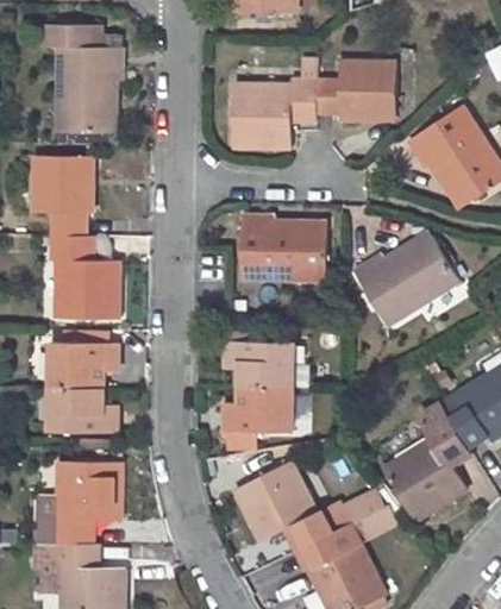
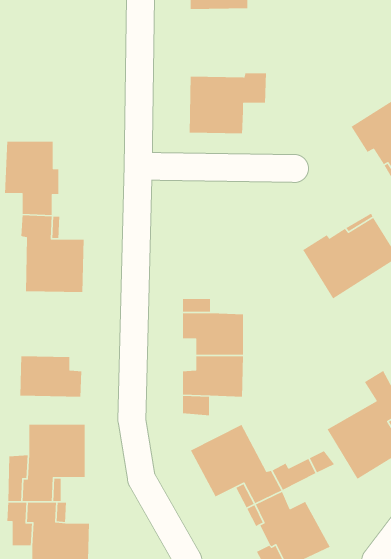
building: [43,24,120,132] -> none
building: [315,62,396,121] -> none
building: [240,215,327,281] -> none
building: [50,341,118,388] -> none

